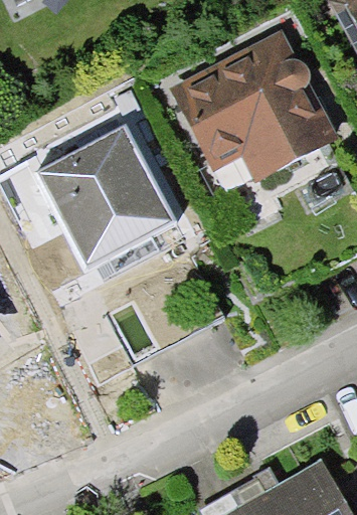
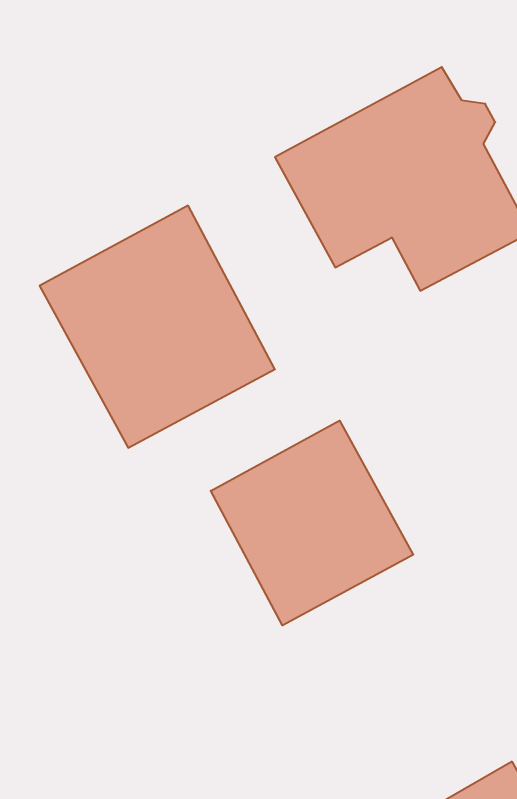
building: none -> [211,421,413,625]

